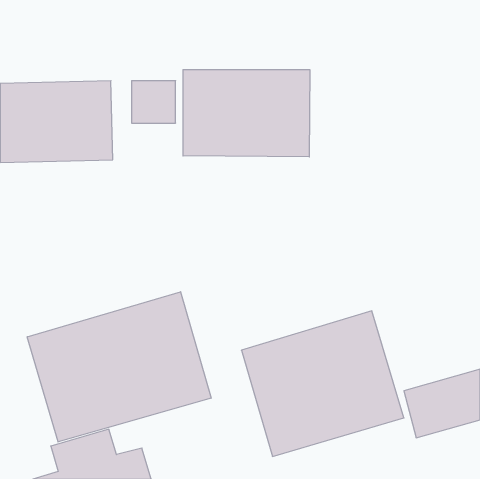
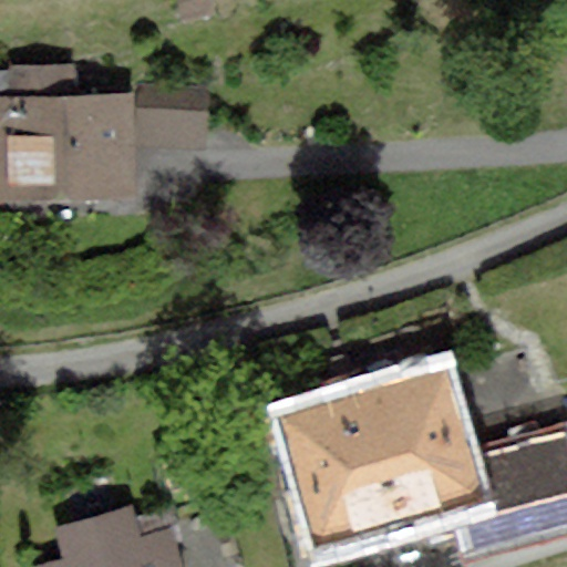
building: [183,70,310,157] -> none
building: [27,292,211,442] -> none

